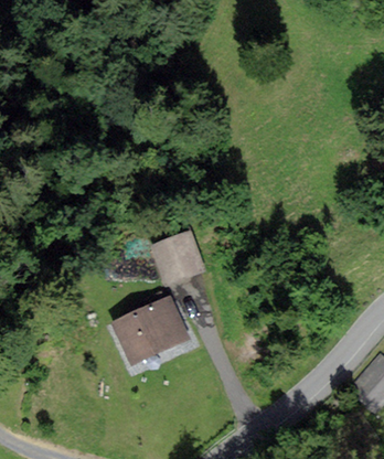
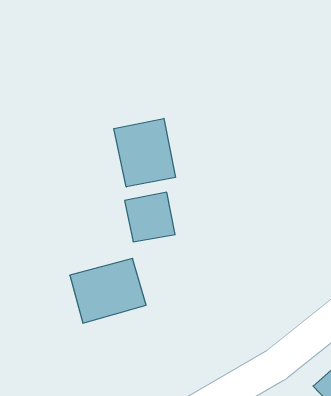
building: none -> [114,118,175,187]

